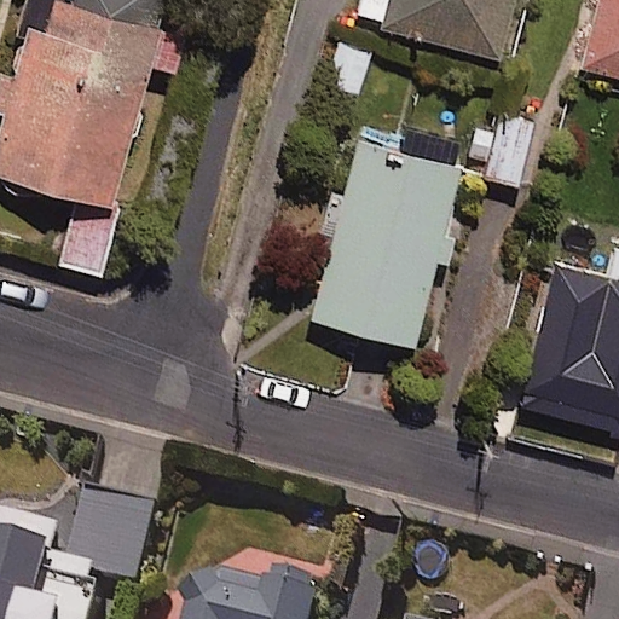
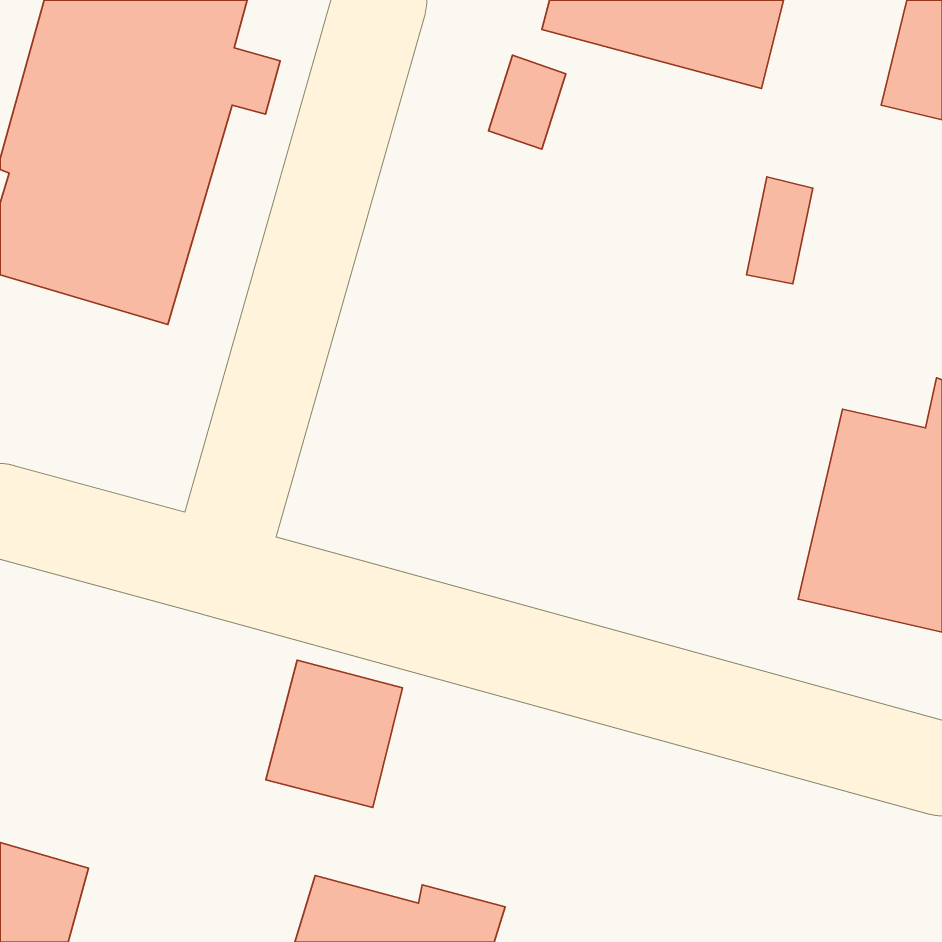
building: [311,118,467,349] -> none
building: [73,493,162,590] -> [266,660,402,808]

